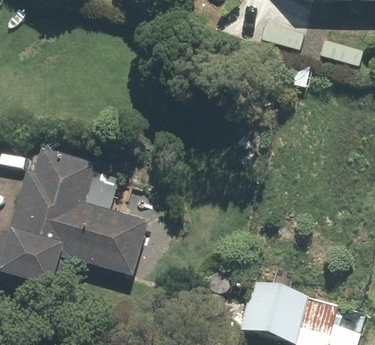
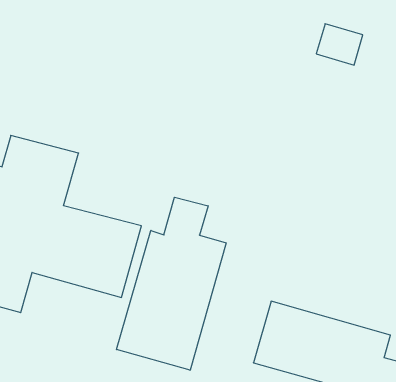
building: none -> [117,197,226,370]

